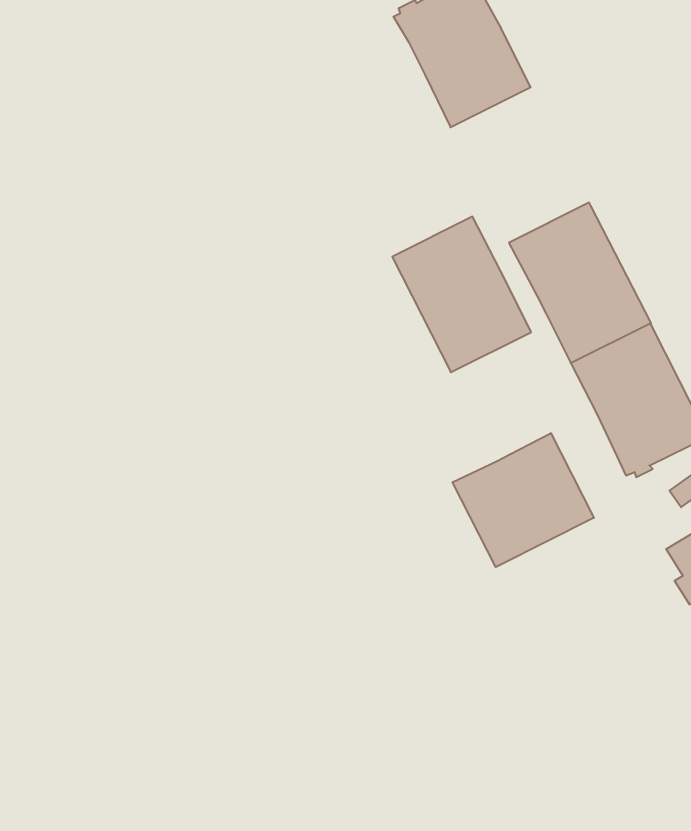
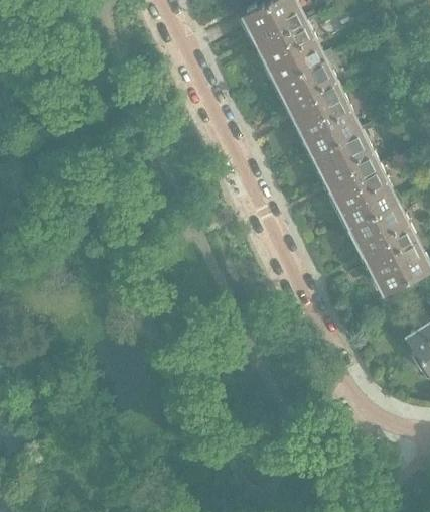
building: [392,217,531,372] -> [276,58,360,152]
building: [452,433,594,567] -> none

